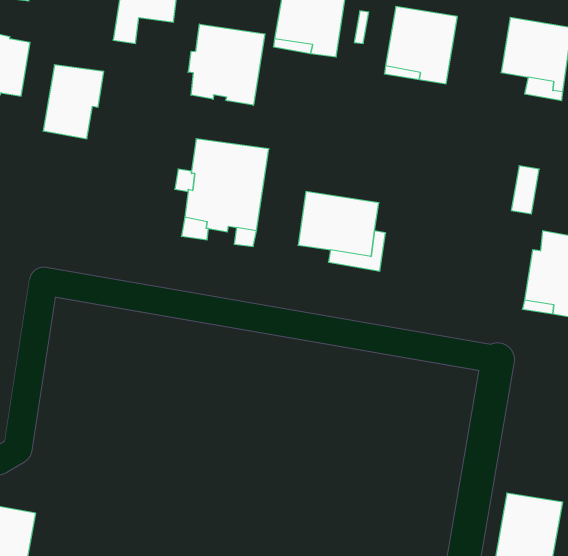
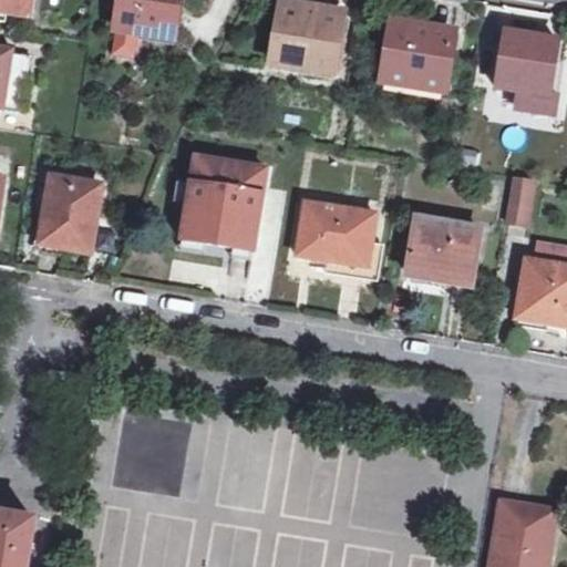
building: [188,24,265,105] -> none
building: [43,65,104,139] -> [40,177,100,250]
building: none -> [406,217,480,278]

